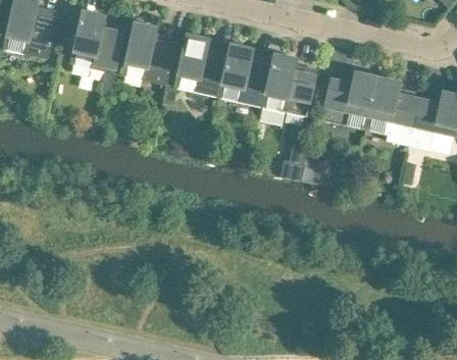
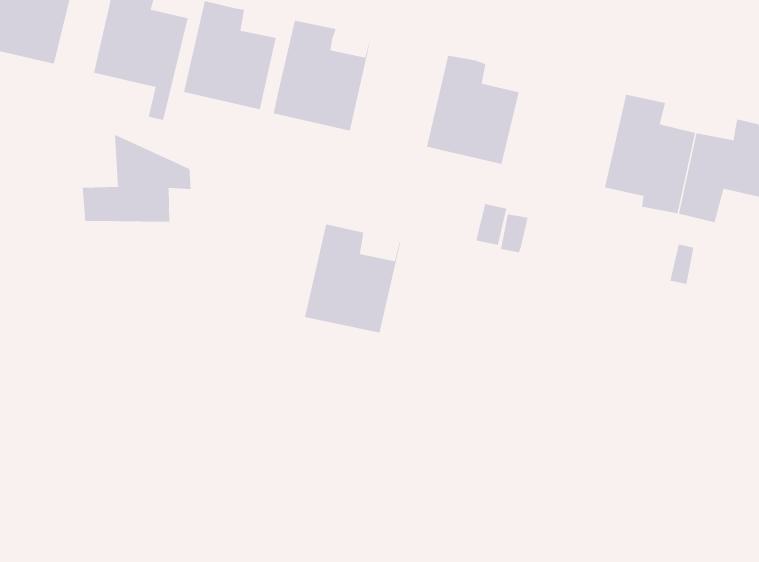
building: [218,42,274,105] -> [304,224,401,333]
building: [321,69,377,128] -> none
building: none -> [82,125,191,223]

